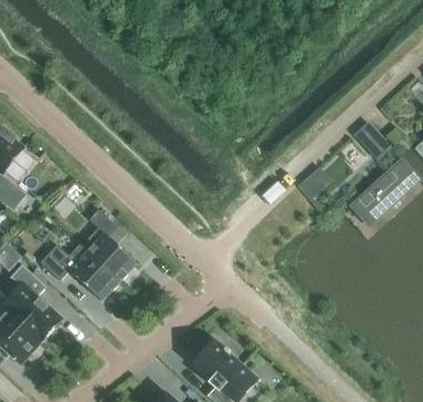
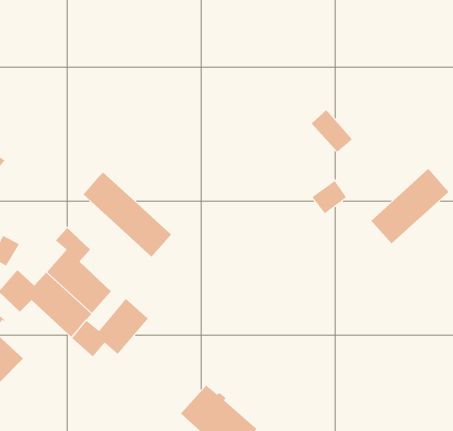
building: [354,122,389,158] -> [311,109,353,152]
building: none -> [83,172,172,257]
building: none -> [72,298,149,357]

